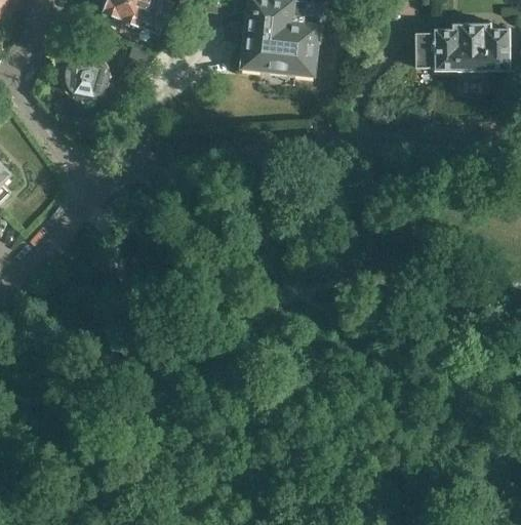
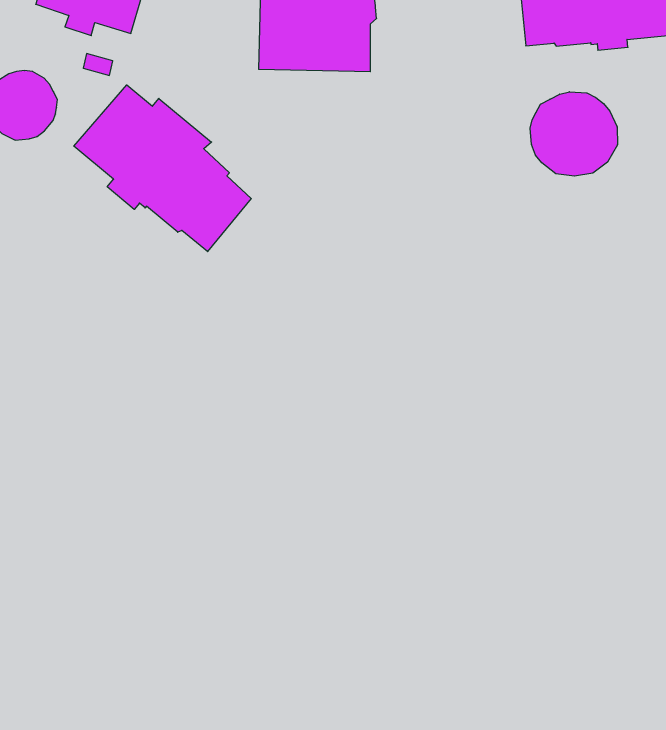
building: none -> [74,85,251,252]
building: none -> [530,92,617,176]

